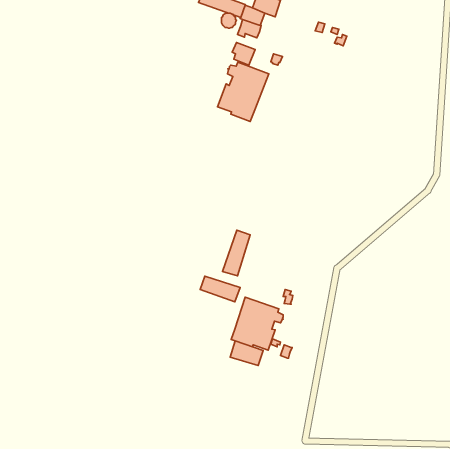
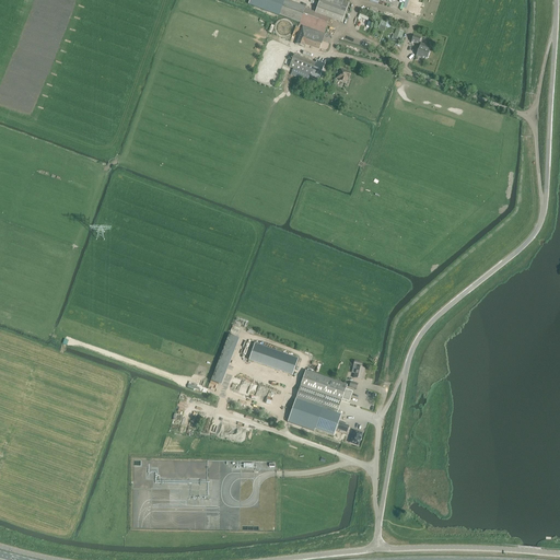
building: [218,62,269,122] -> none
building: [223,230,250,276] -> none
building: [230,341,263,366] -> none

